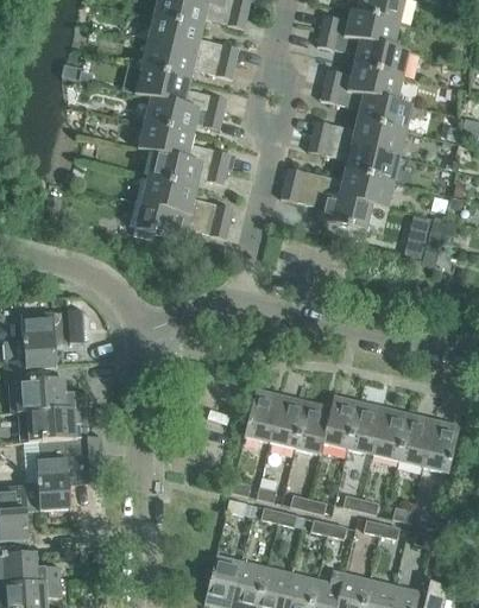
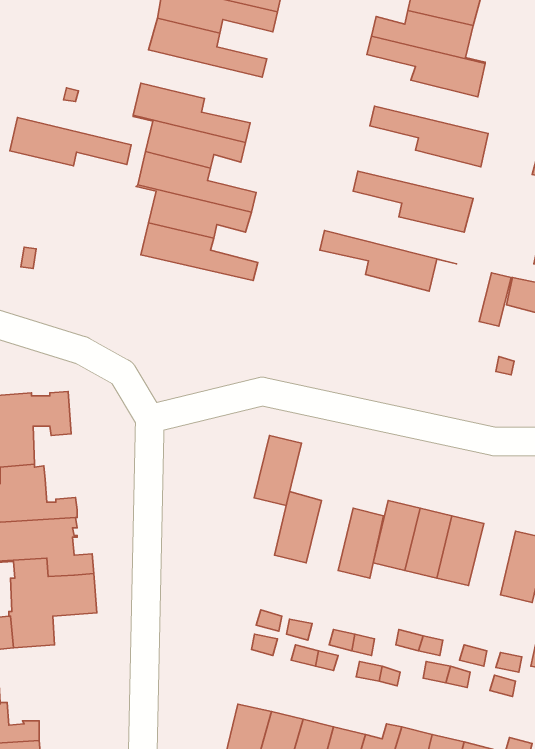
building: [140,43,235,81] -> [10,117,131,166]
building: [323,66,412,108] -> none
building: [310,121,406,159] -> none
building: [284,170,393,210] -> none
building: [134,203,228,241] -> none
building: [270,395,307,450] -> [254,436,301,505]
building: [397,413,434,469] -> none

